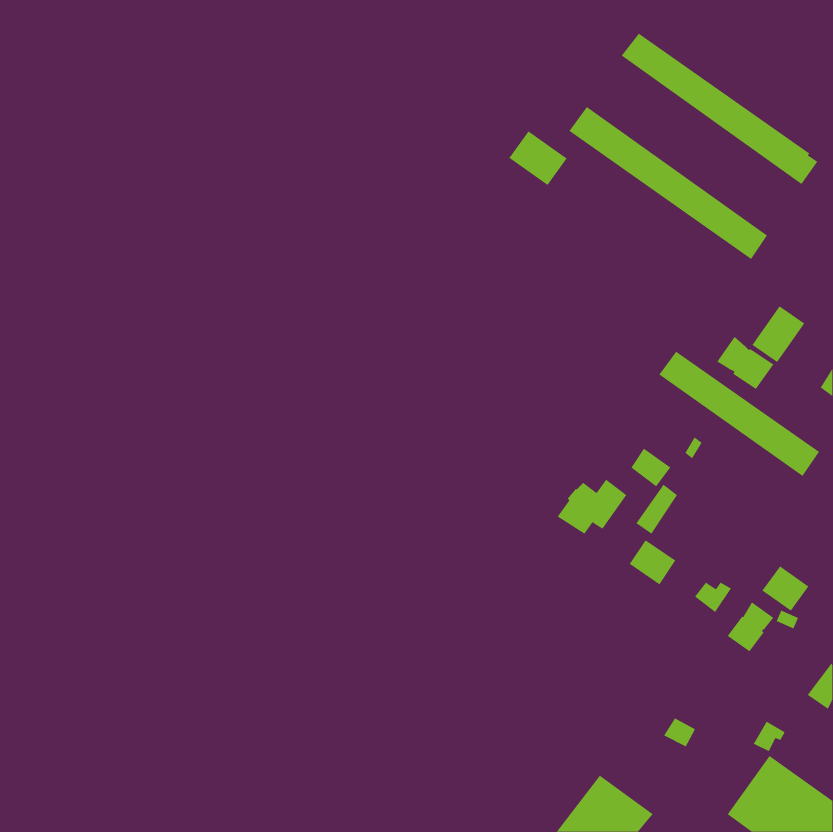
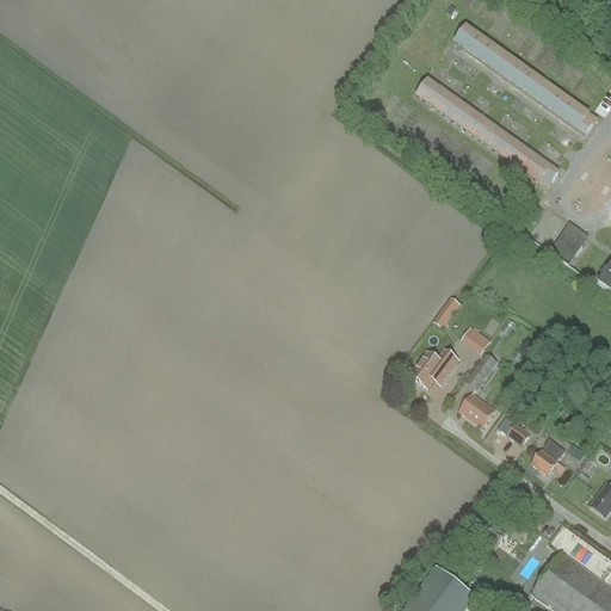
building: [508,131,567,186] -> none
building: [716,336,774,390] -> none
building: [658,351,820,477] -> none
building: [762,566,809,612] -> none

